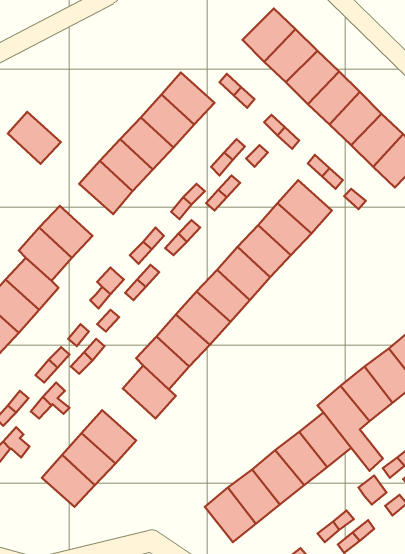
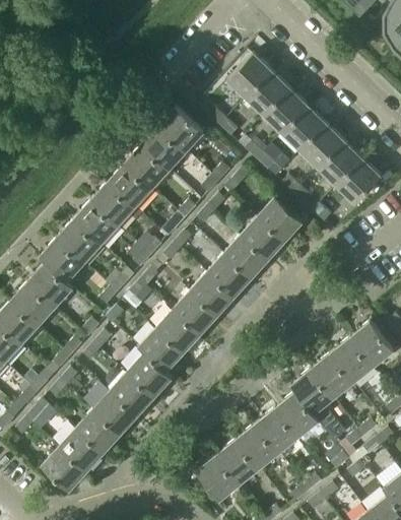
building: [8,112,61,164] -> [74,200,119,244]
building: none -> [110,372,154,415]
building: none -> [42,447,86,491]

